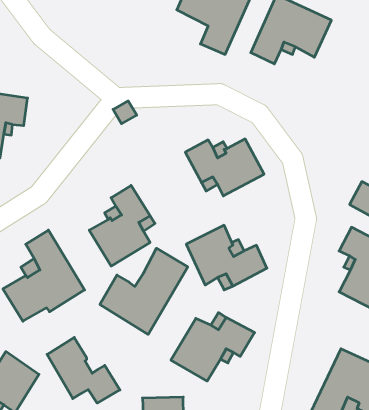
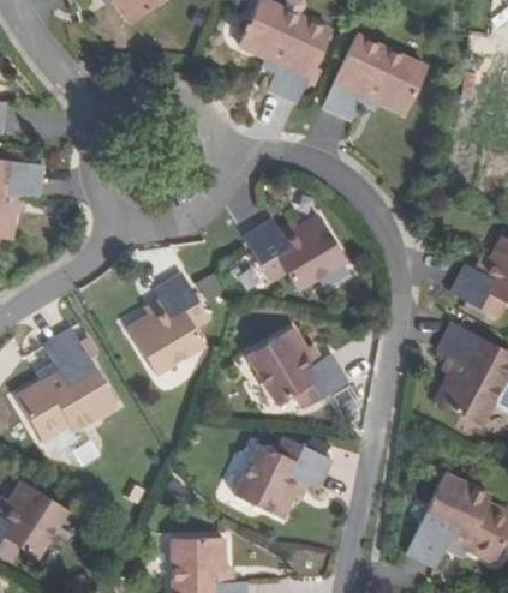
building: [100,248,188,334] -> none
building: [47,337,120,403] -> none

